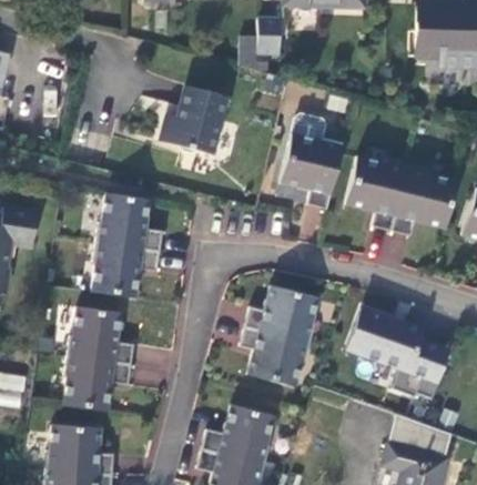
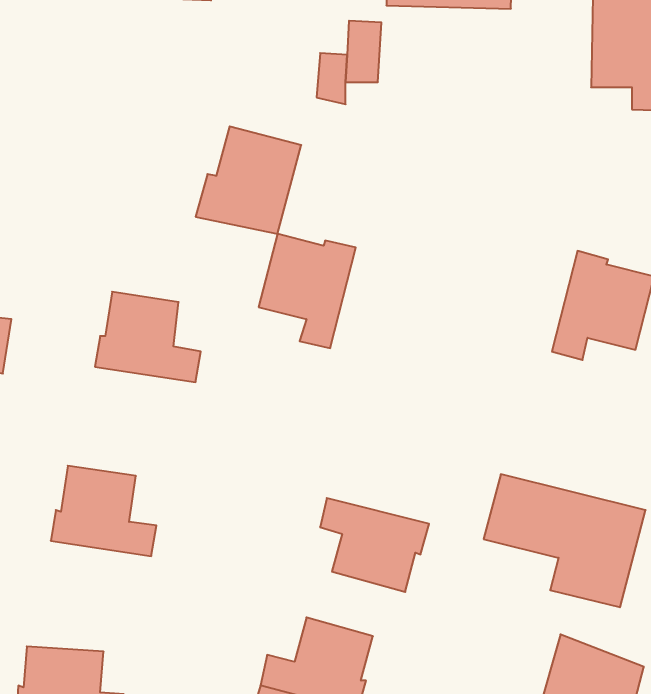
building: [281,134,344,209] -> [259,234,356,348]
building: [346,156,408,231] -> none
building: [91,241,160,297] -> none
building: [245,285,319,343] -> none
building: [62,354,131,411] -> none

